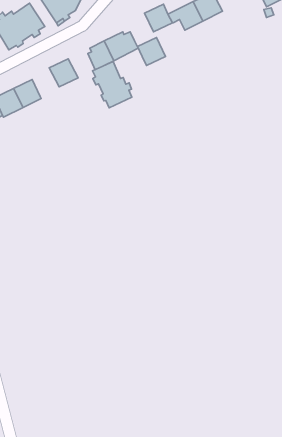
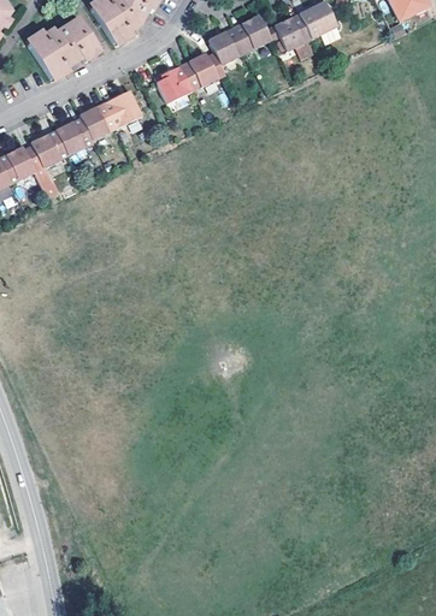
building: [138,38,165,65] -> [207,29,244,66]
building: [92,62,132,108] -> none
building: none -> [79,102,118,141]

